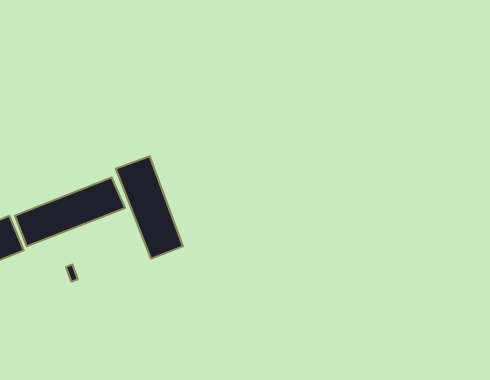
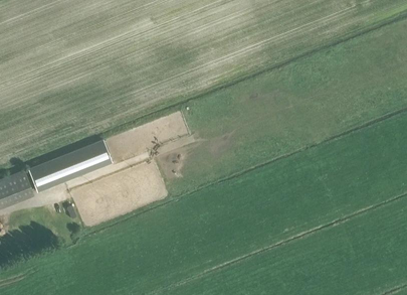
building: [116,156,183,259] -> none

